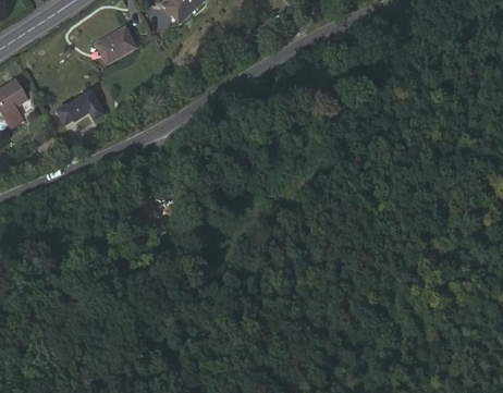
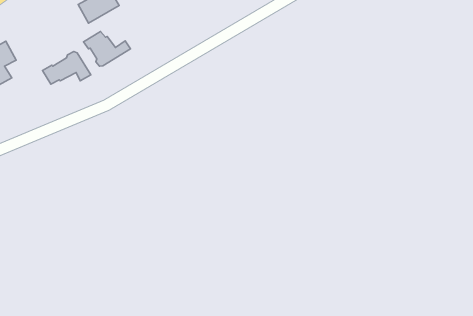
building: none -> [84,31,130,66]

